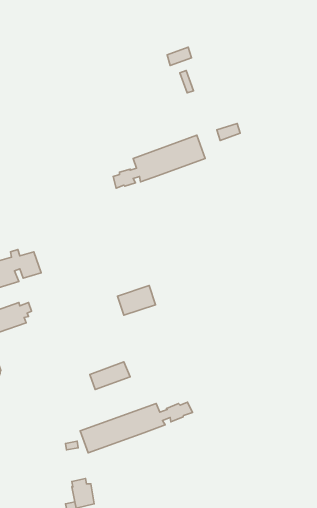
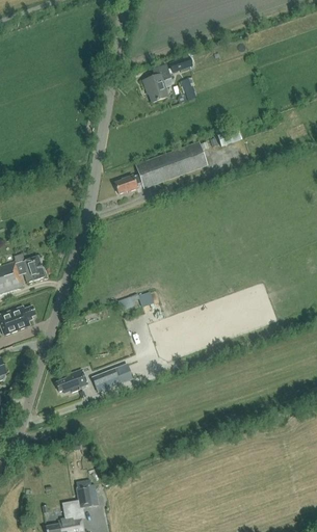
building: none -> [143,66,173,104]
building: none -> [55,370,86,393]
building: [80,402,193,453] -> none

